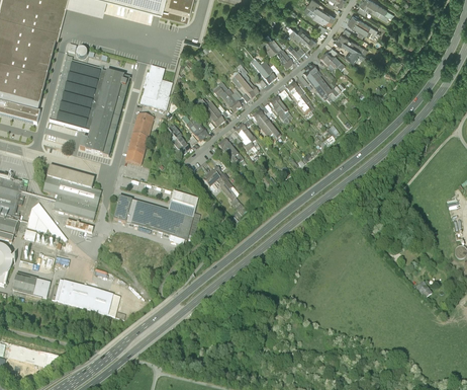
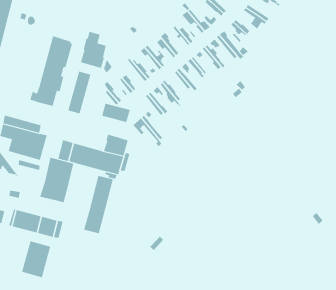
building: [49,57,106,133] -> none
building: none -> [101,103,130,123]
building: none -> [40,157,74,203]
building: none -> [83,175,113,234]
building: none -> [22,240,51,278]

